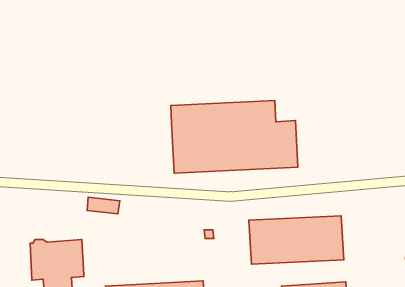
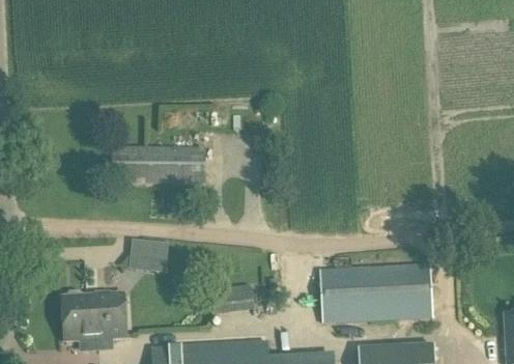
building: [171,101,298,173] -> none
building: none -> [112,145,205,180]

